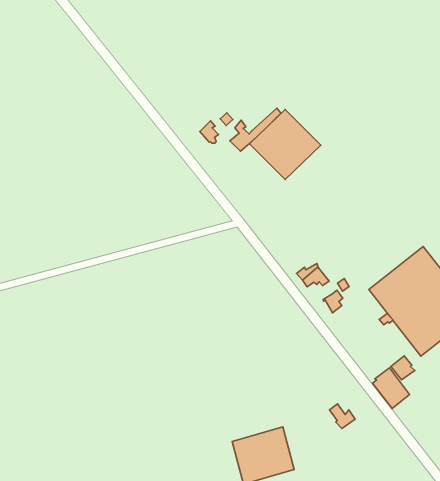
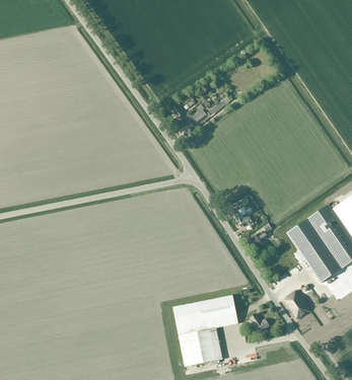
building: [250,110,321,180] -> none
building: none -> [173,295,238,334]

